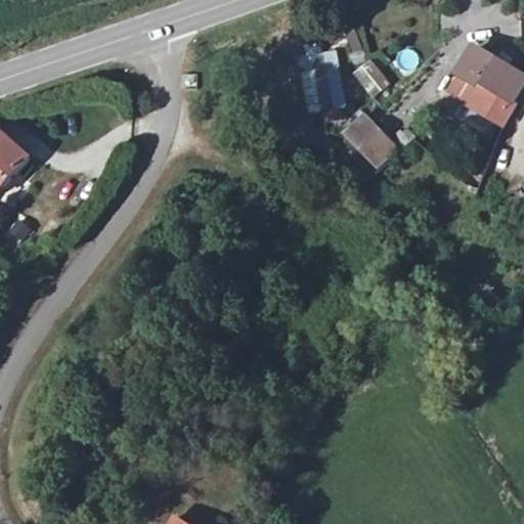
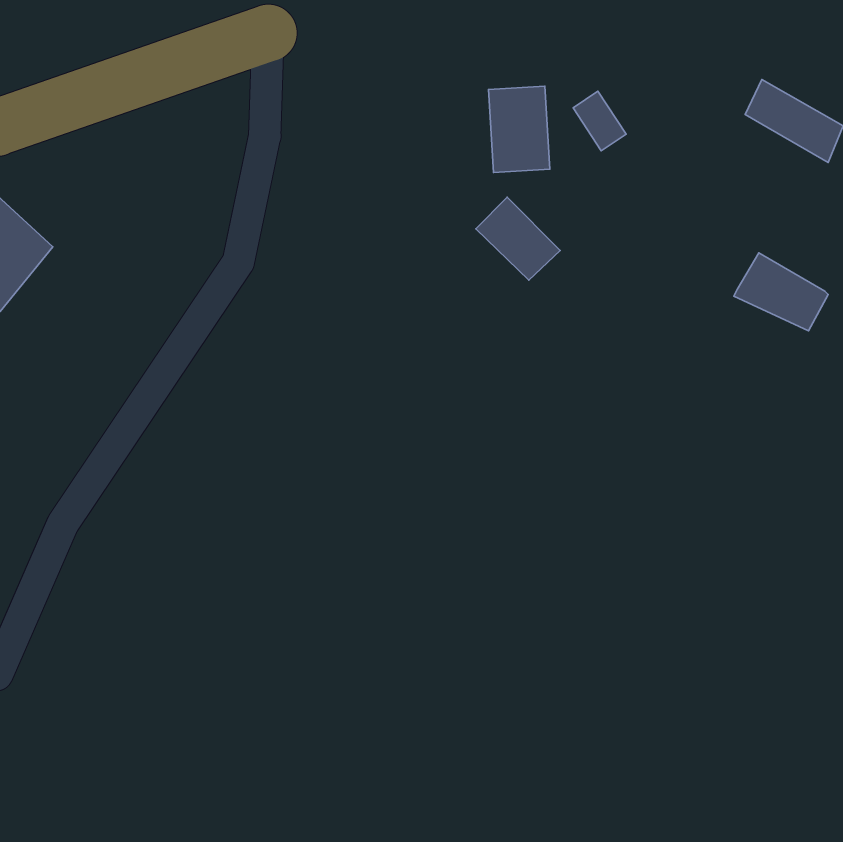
building: [455,77,514,125] -> [734,253,828,331]
building: [344,116,396,167] -> [476,197,560,280]

